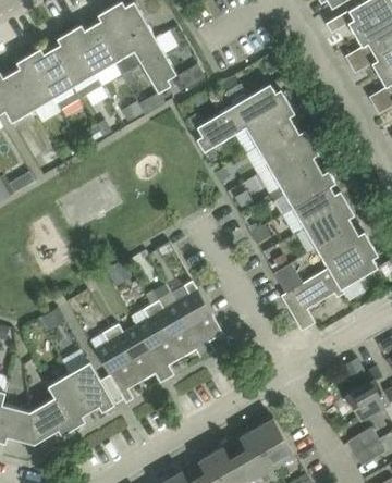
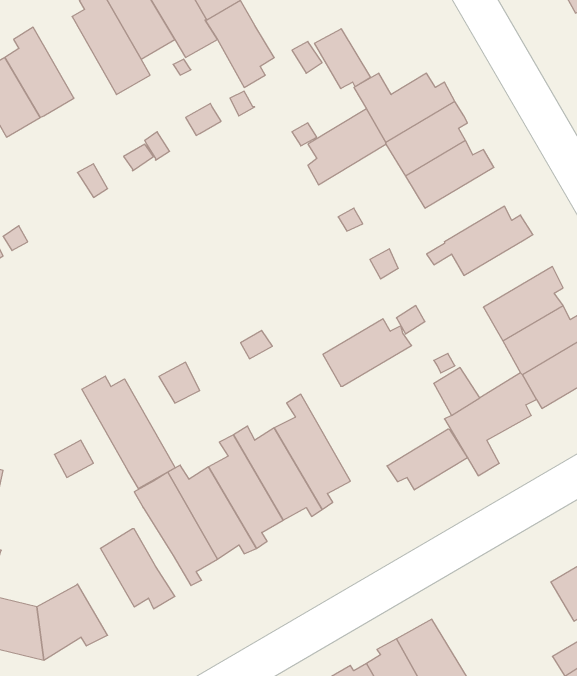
building: [28,49,79,109] -> none
building: none -> [315,29,370,89]
building: [269,141,319,187] -> none
building: [293,186,347,227] -> [323,319,412,386]
building: none -> [82,376,175,489]
building: none -> [387,429,467,490]
building: [48,375,90,429] -> none

